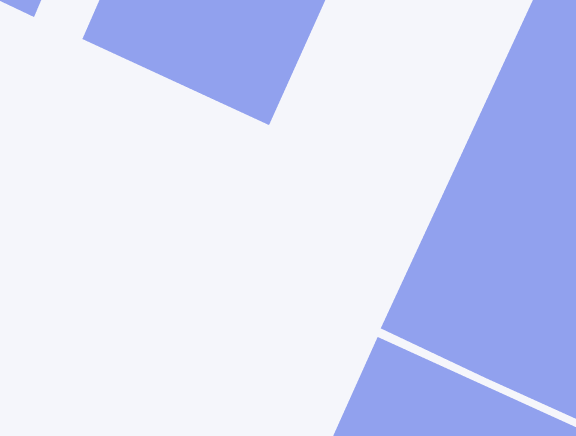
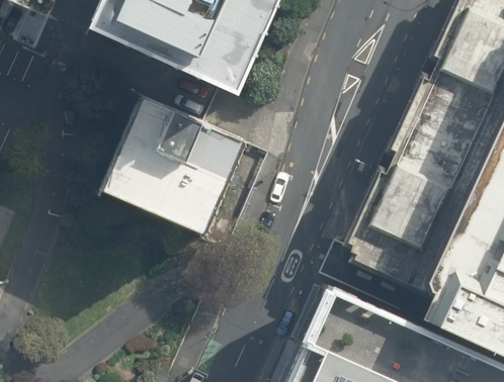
building: none -> [98,93,248,234]

